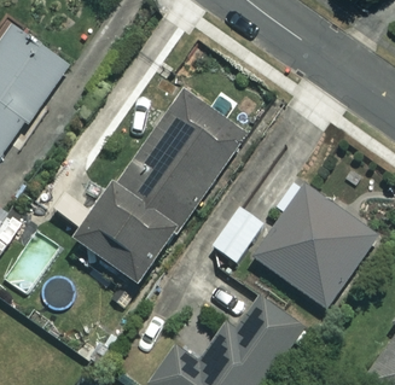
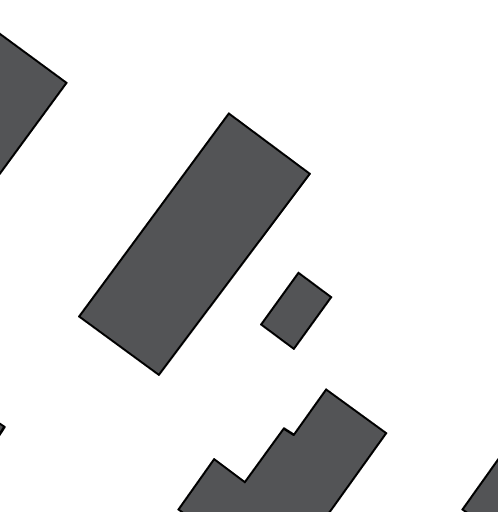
building: [252,183,376,307] -> none

